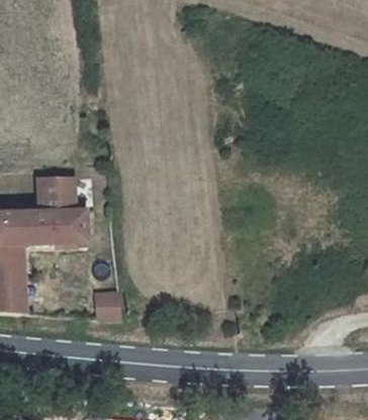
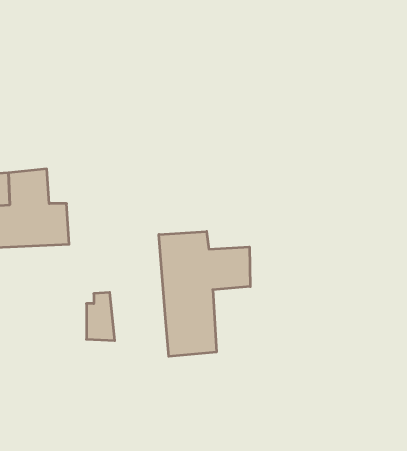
building: none -> [159,231,250,356]

